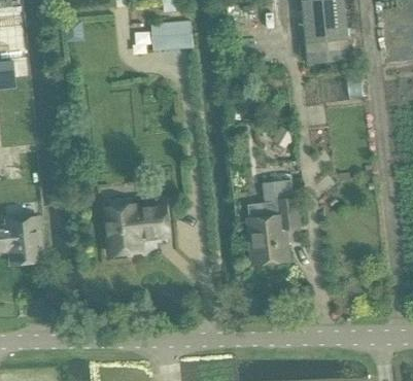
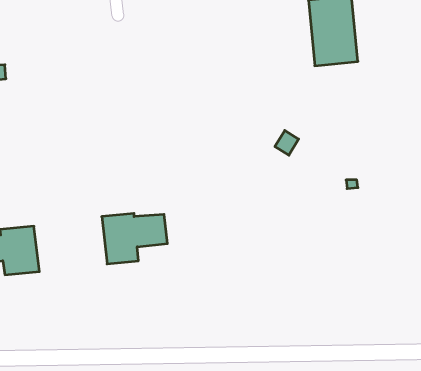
building: [150,21,191,49] -> none
building: [247,180,299,264] -> none

